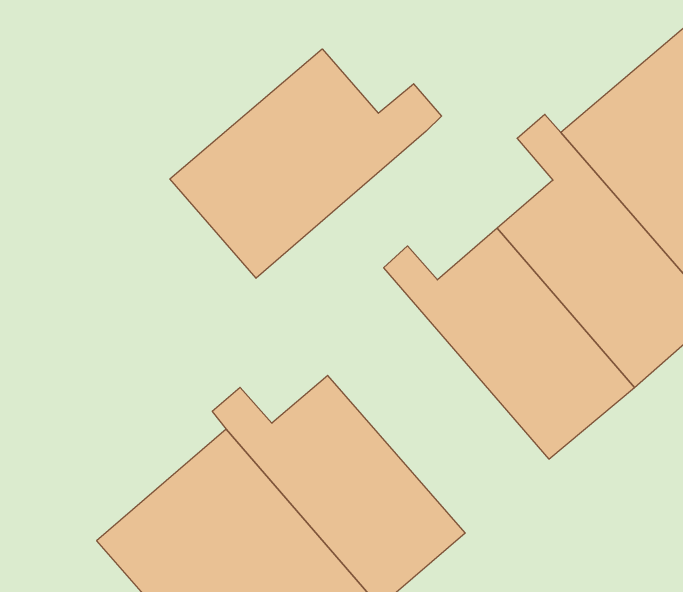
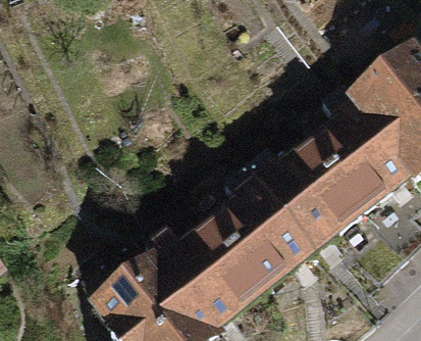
building: [170,49,442,278] -> none
building: none -> [209,157,322,293]

